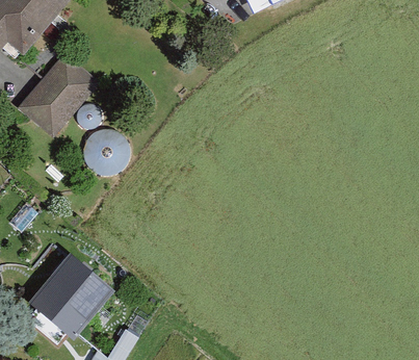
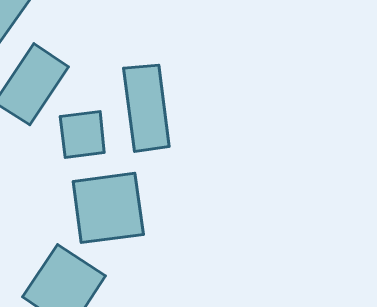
building: none -> [124,65,169,151]
building: none -> [73,173,144,243]

